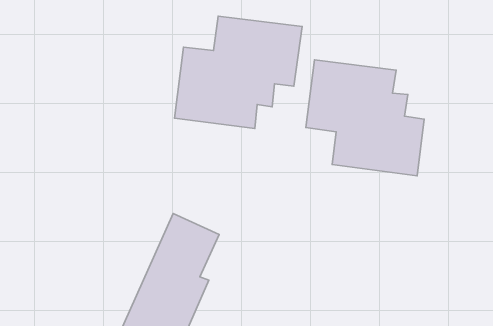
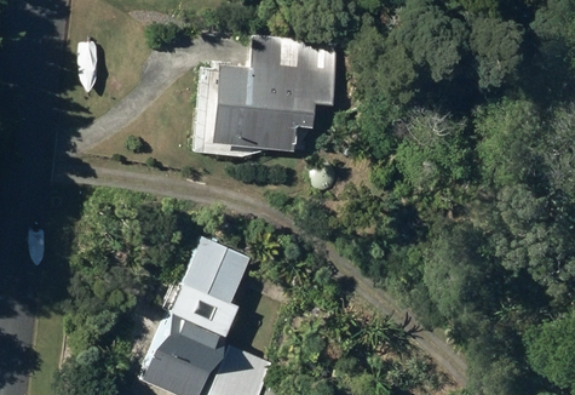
building: [306,60,424,176] -> none

